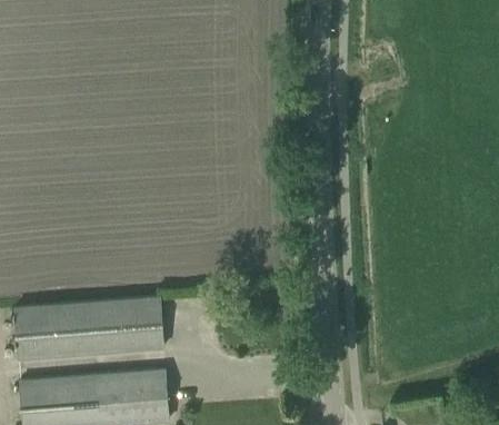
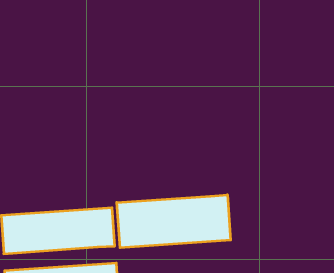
building: none -> [117,195,231,248]

